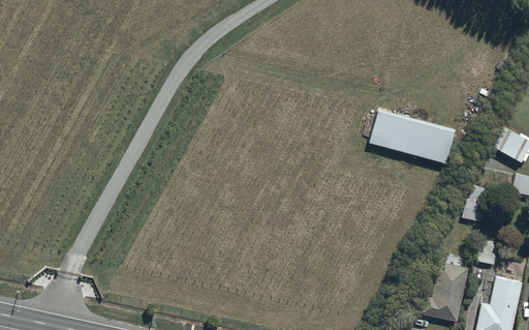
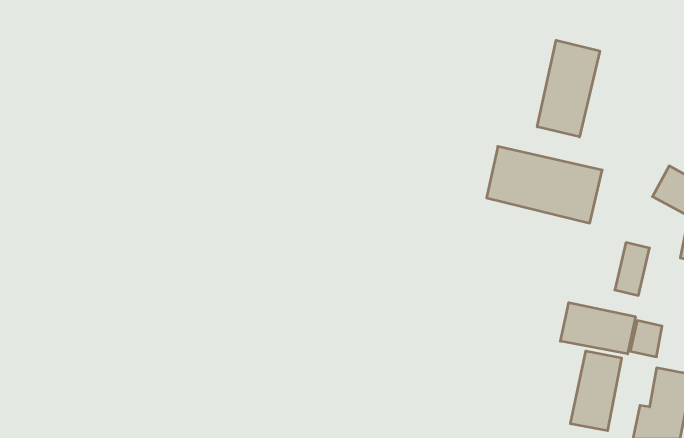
building: none -> [537,40,600,137]
building: none -> [560,303,635,354]

